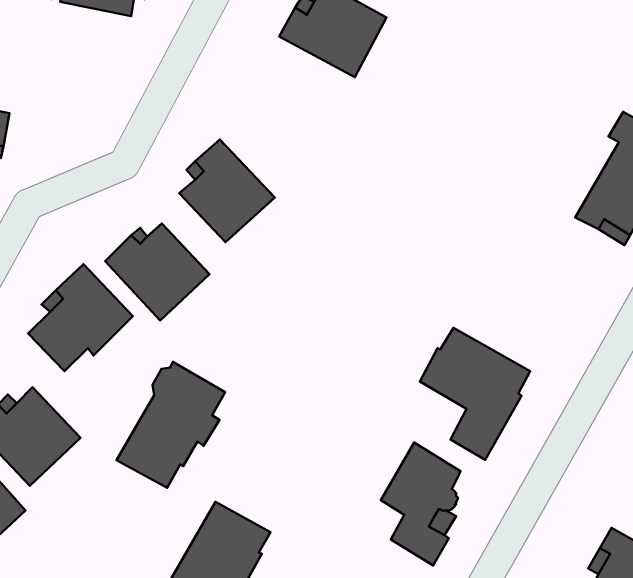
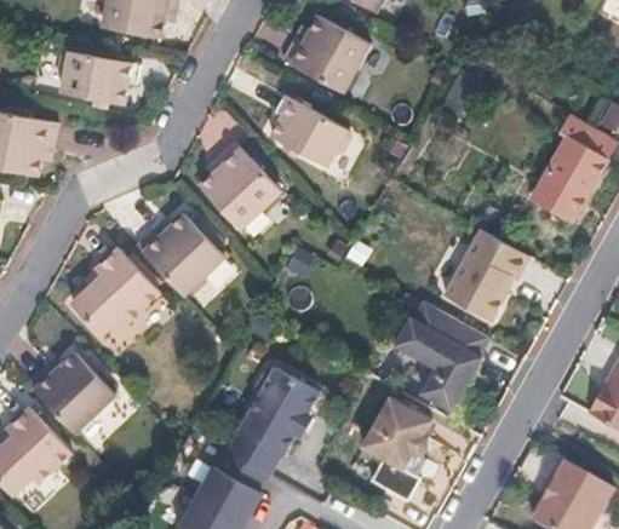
building: none -> [53,47,136,103]
building: none -> [268,94,348,166]
building: none -> [446,234,528,322]
building: [116,362,225,488] -> [231,364,322,470]

